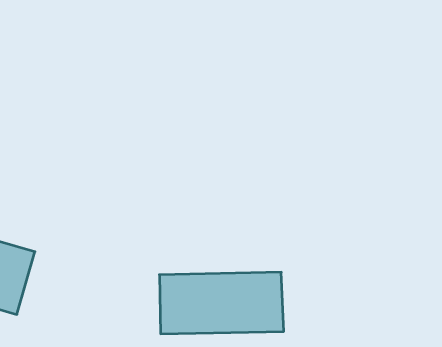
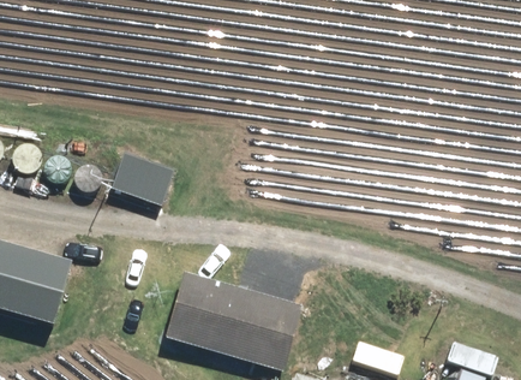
building: none -> [110,154,172,207]

